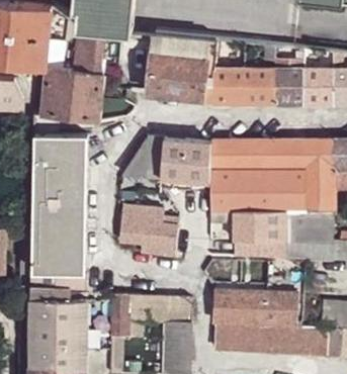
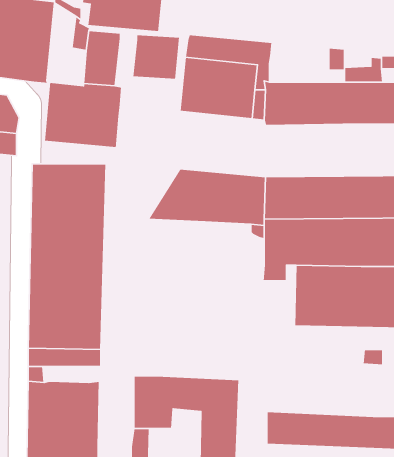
building: [119,203,177,252] -> none
building: [213,288,296,325] -> none

